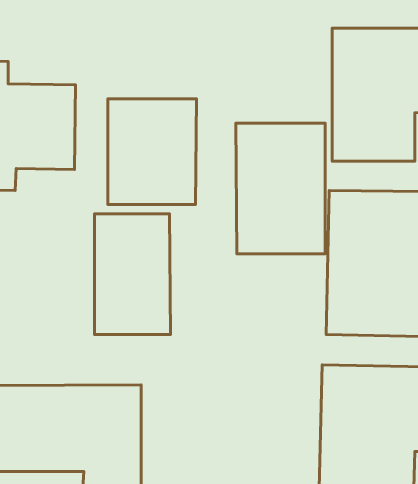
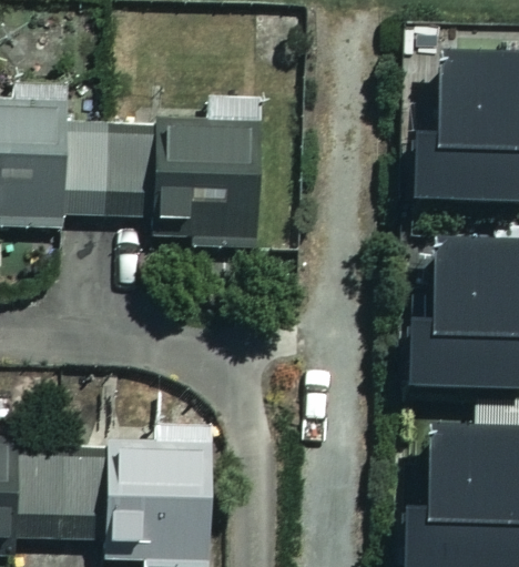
building: [236,123,325,254] -> none
building: [95,214,170,334] -> none

